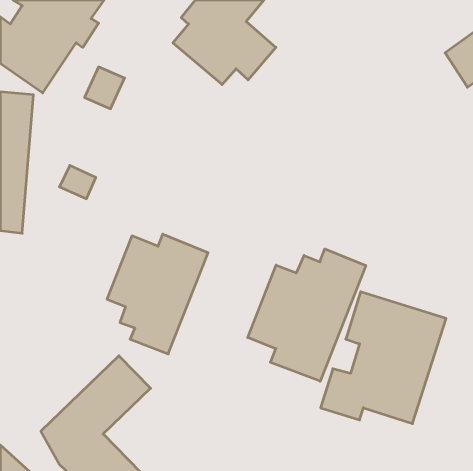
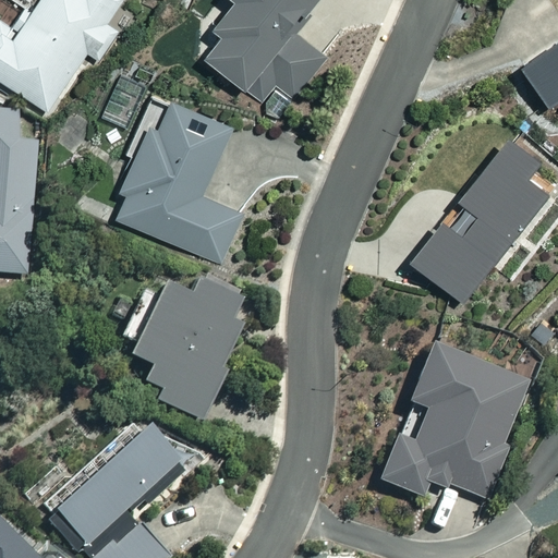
building: none -> [117,94,244,265]
building: none -> [407,130,549,300]
building: [248,249,366,381] -> none

